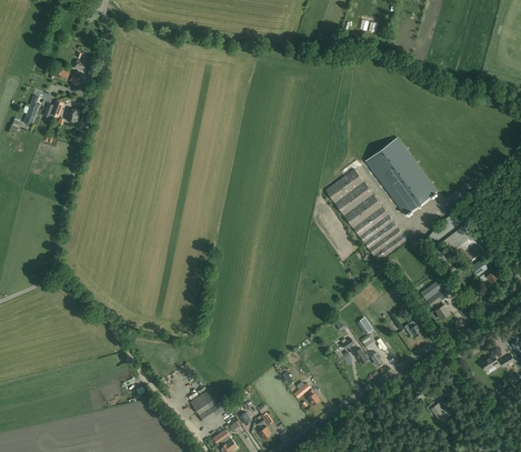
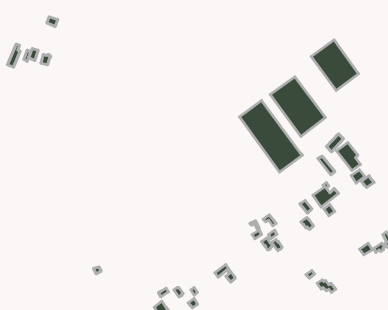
building: none -> [311,40,359,91]
building: [191,392,221,423] -> none

